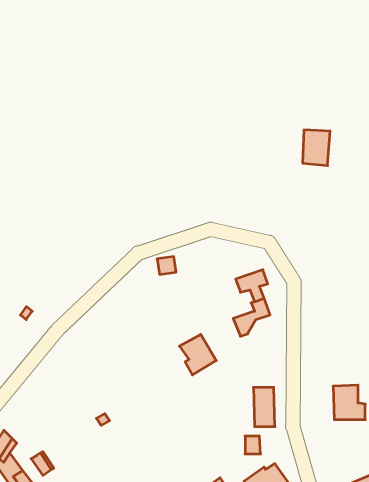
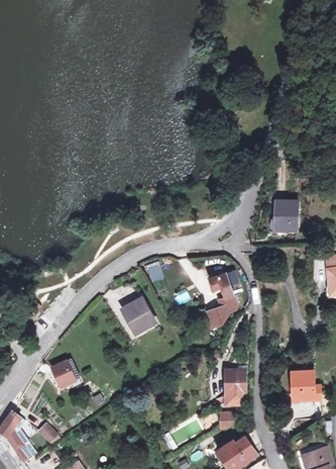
building: [303,130,330,166] -> [276,206,300,237]
building: [179,334,216,375] -> [124,301,155,336]
building: none -> [53,359,81,386]

